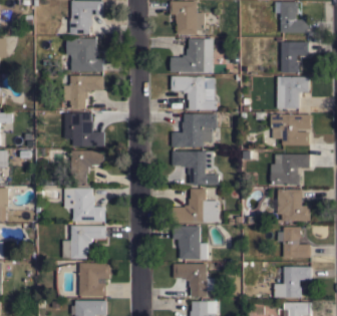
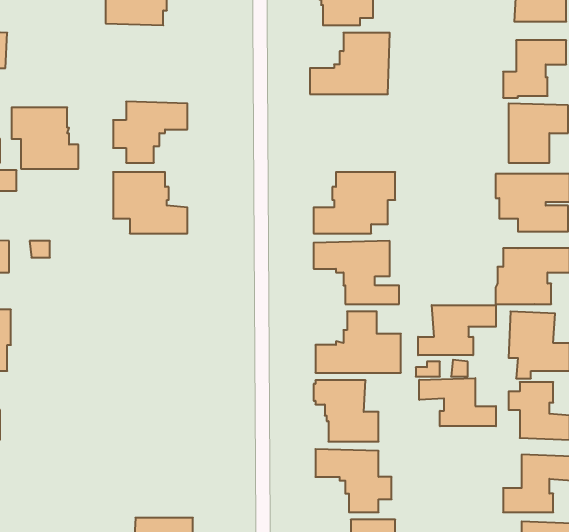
building: [66,38,102,71] -> [12,107,78,169]
building: [171,76,217,109] -> none
building: [70,150,104,184] -> none
building: none -> [418,305,496,355]
building: [64,188,104,221] -> none
building: none -> [419,378,496,426]
building: [61,226,105,259] -> none
building: [78,263,110,296] -> none

